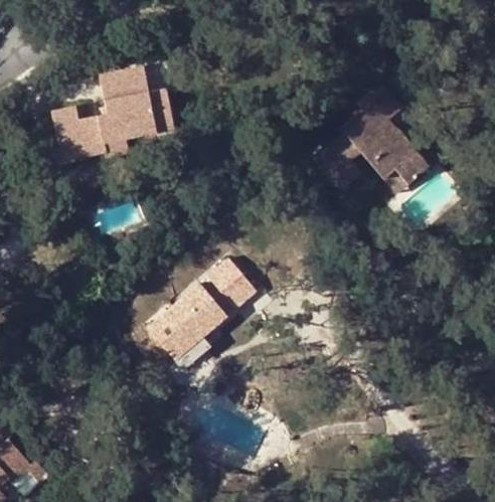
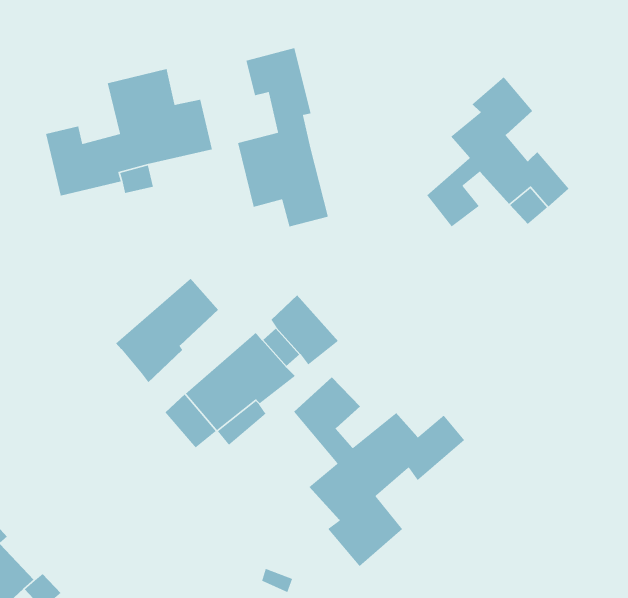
building: none -> [237,47,329,227]
building: none -> [115,278,219,383]
building: none -> [293,377,465,567]

